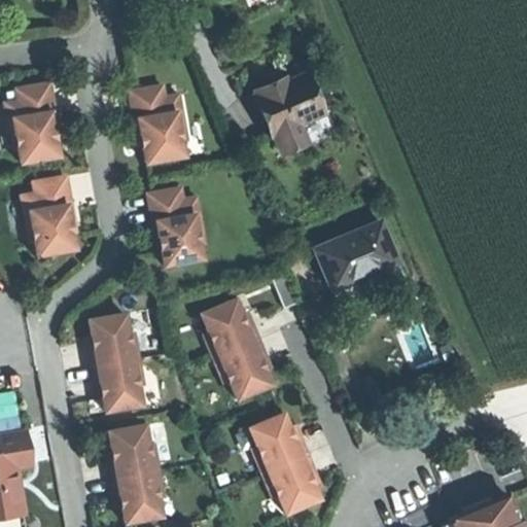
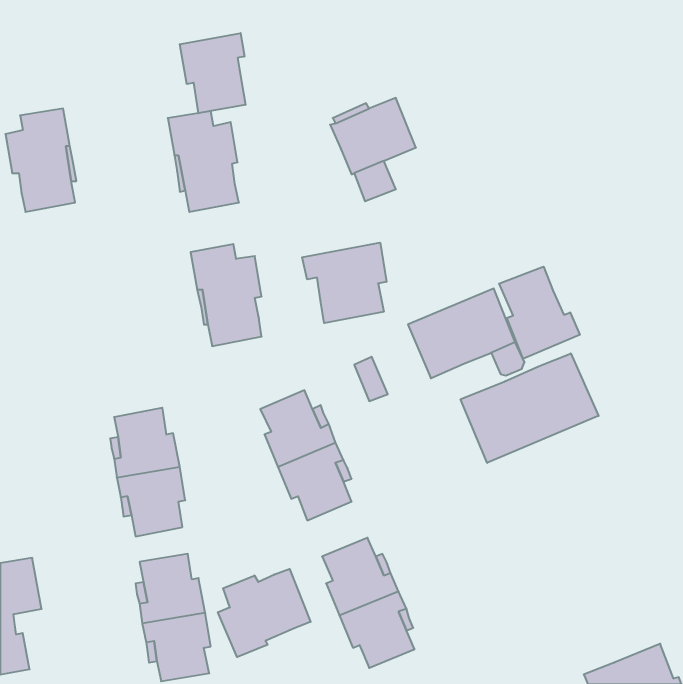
building: none -> [180,33,245,113]
building: [23,176,76,255] -> none
building: none -> [302,243,386,323]
building: none -> [499,267,580,359]
building: none -> [461,353,599,463]
building: none -> [218,569,311,657]

